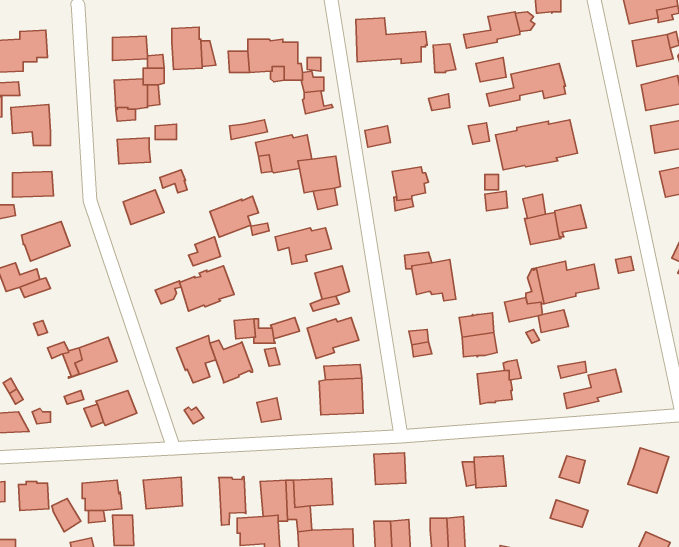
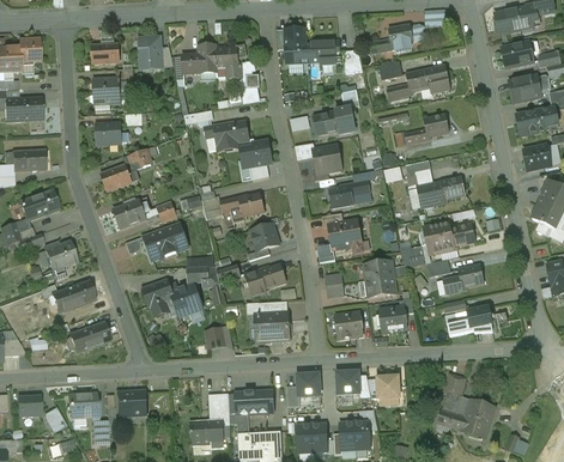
building: none -> [313,107,354,134]
building: [210,196,258,237] -> [113,196,151,229]
building: none -> [328,181,369,207]
building: none -> [43,241,77,280]
building: none -> [445,265,483,292]
building: none -> [334,312,362,339]
building: [628,448,669,493] -> [461,401,493,437]
building: none -> [335,370,360,395]
building: [219,477,246,525] -> none

